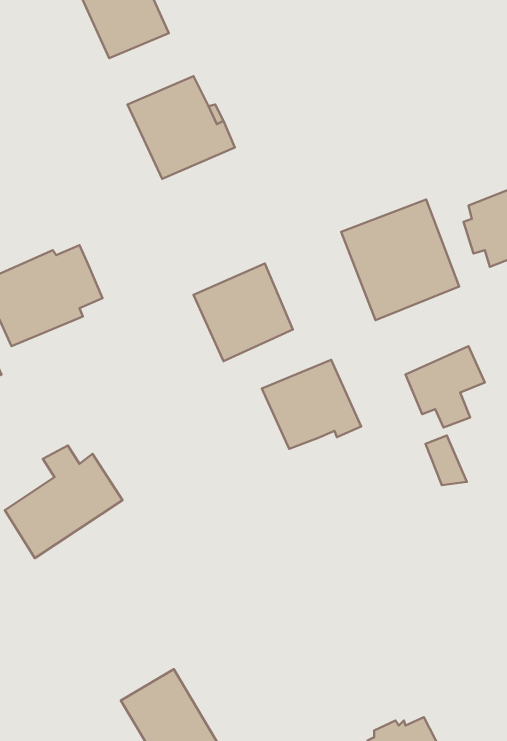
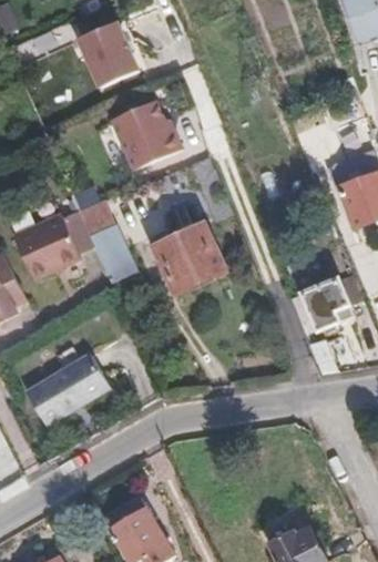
building: [341,199,459,320] -> none
building: none -> [84,196,139,279]
building: [262,360,361,449] -> none

